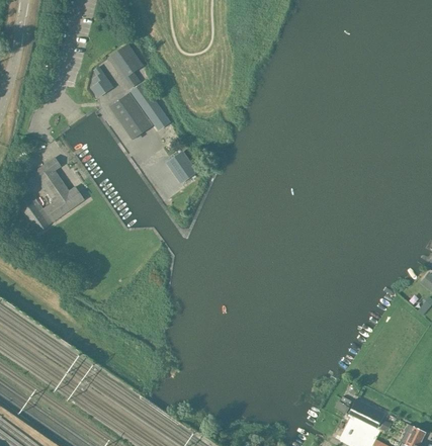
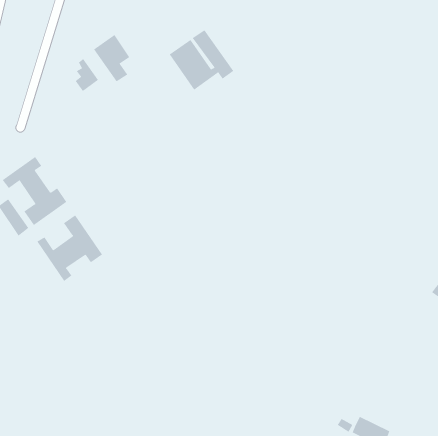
building: [109,84,170,141] -> [169,30,234,90]
building: [167,152,197,183] -> none
building: none -> [37,214,103,282]

